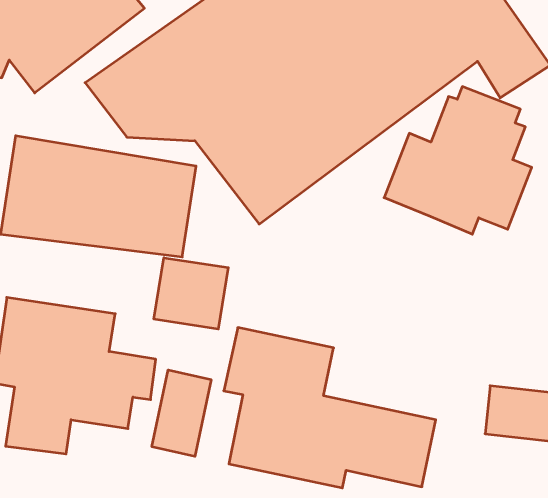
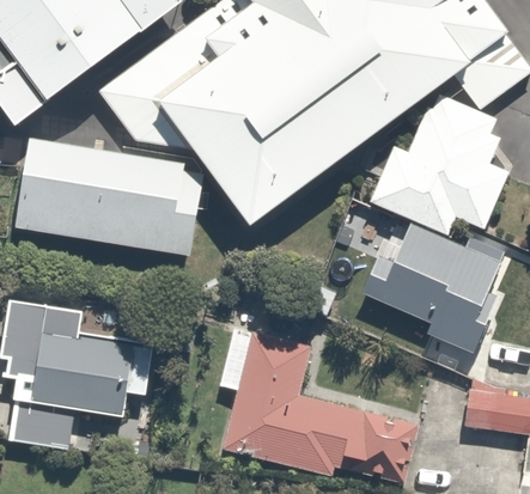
building: none -> [364,218,512,354]
building: [154,258,228,329] -> none
building: [152,370,211,456] -> none

